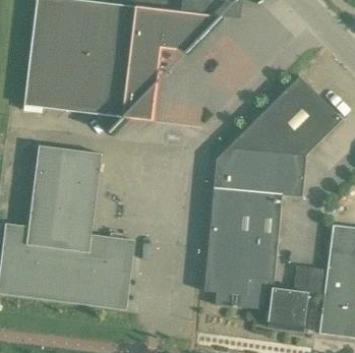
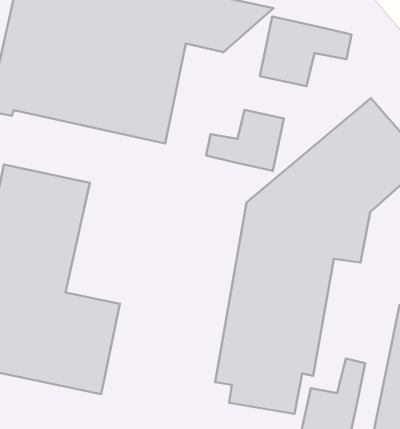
building: none -> [260,16,352,86]
building: none -> [206,110,284,171]

